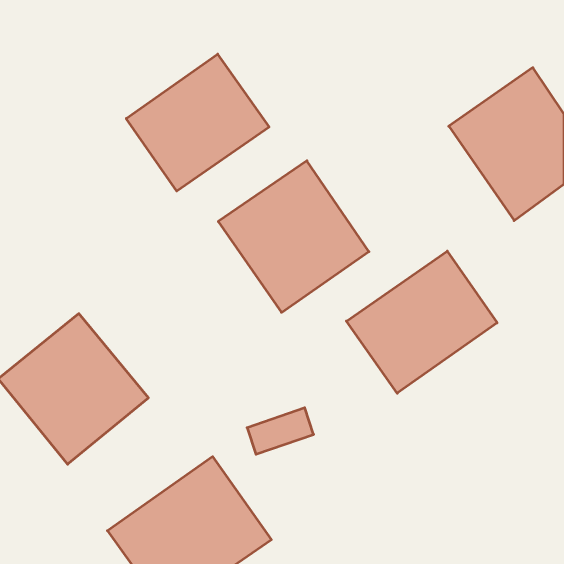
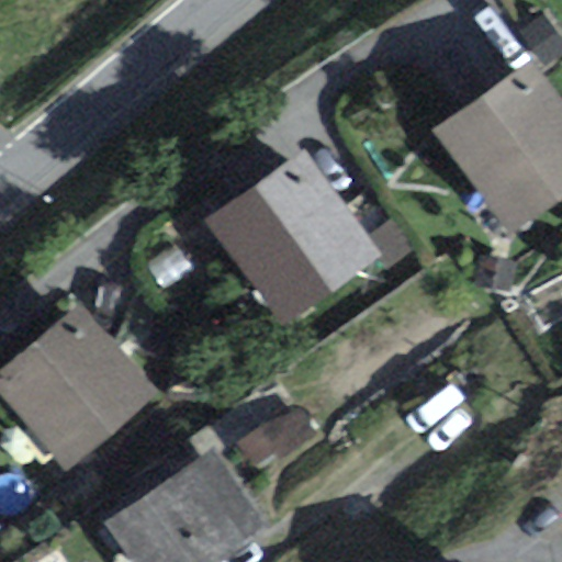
building: [126,54,269,191] -> none
building: [346,251,497,393] -> none

